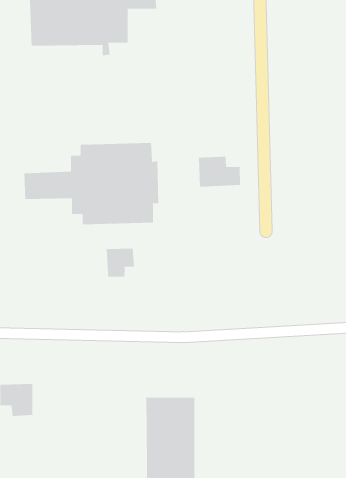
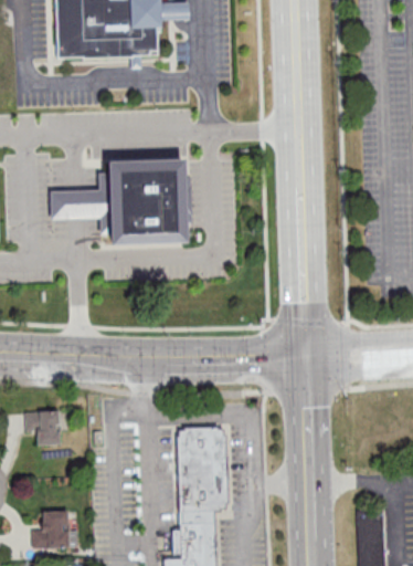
building: [199,156,240,187] -> none
building: [106,248,134,277] -> none

